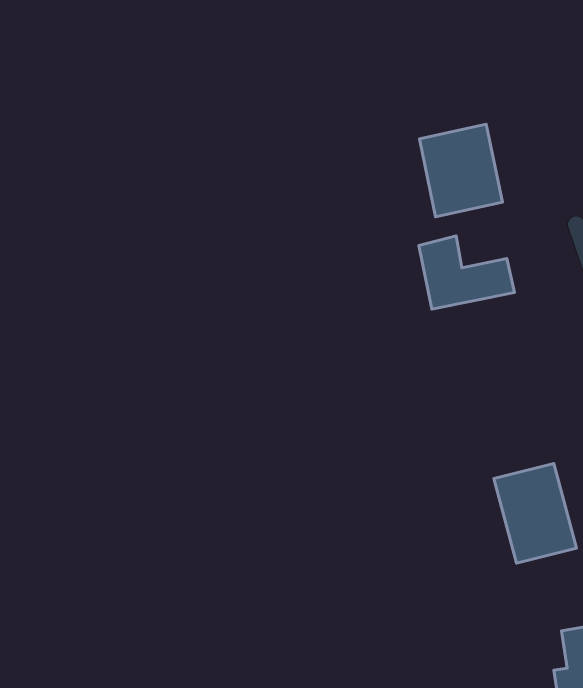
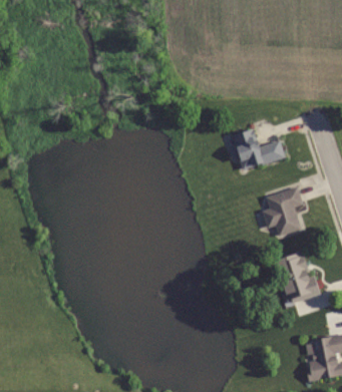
building: [419,124,502,217] -> none
building: none -> [263,186,304,239]

